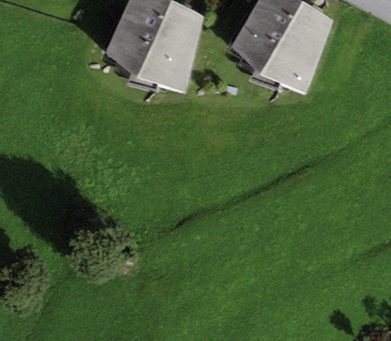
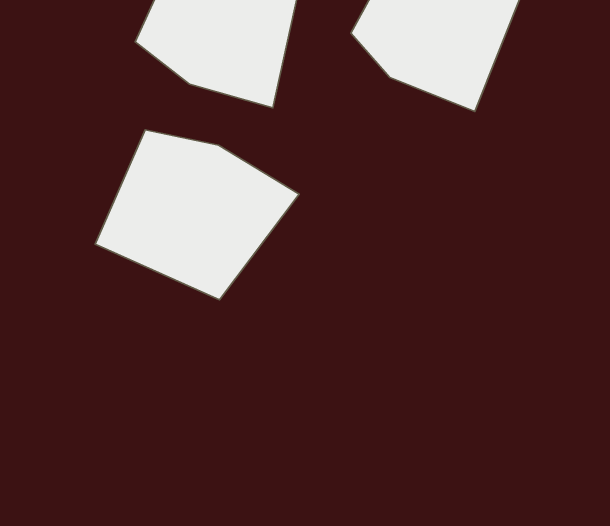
building: none -> [95,130,299,300]

